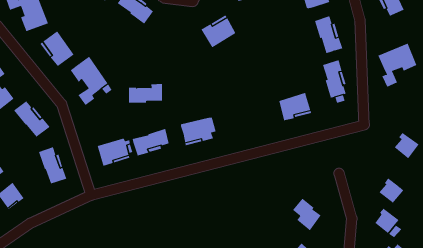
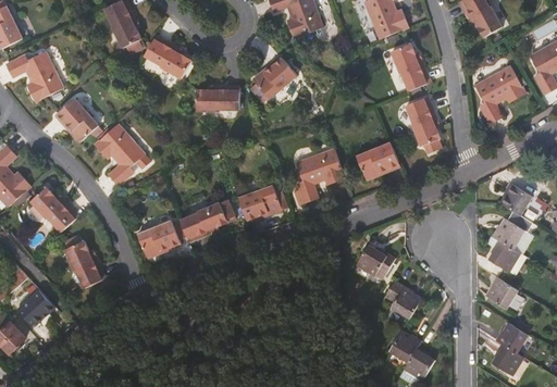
building: [128,84,163,103] -> [196,85,240,113]
building: none -> [284,153,337,208]
building: none -> [495,215,529,246]
building: none -> [364,242,397,274]

